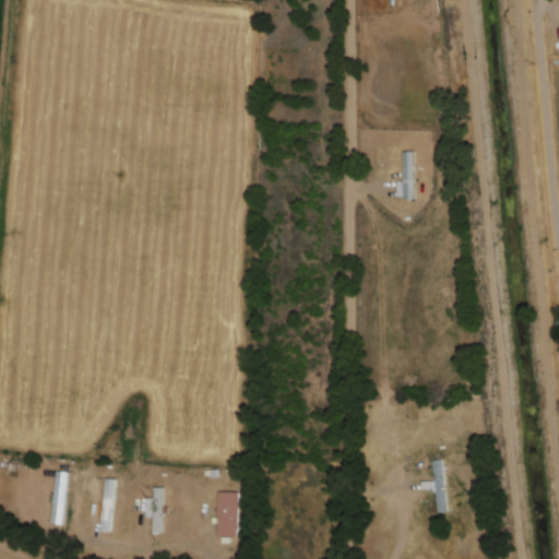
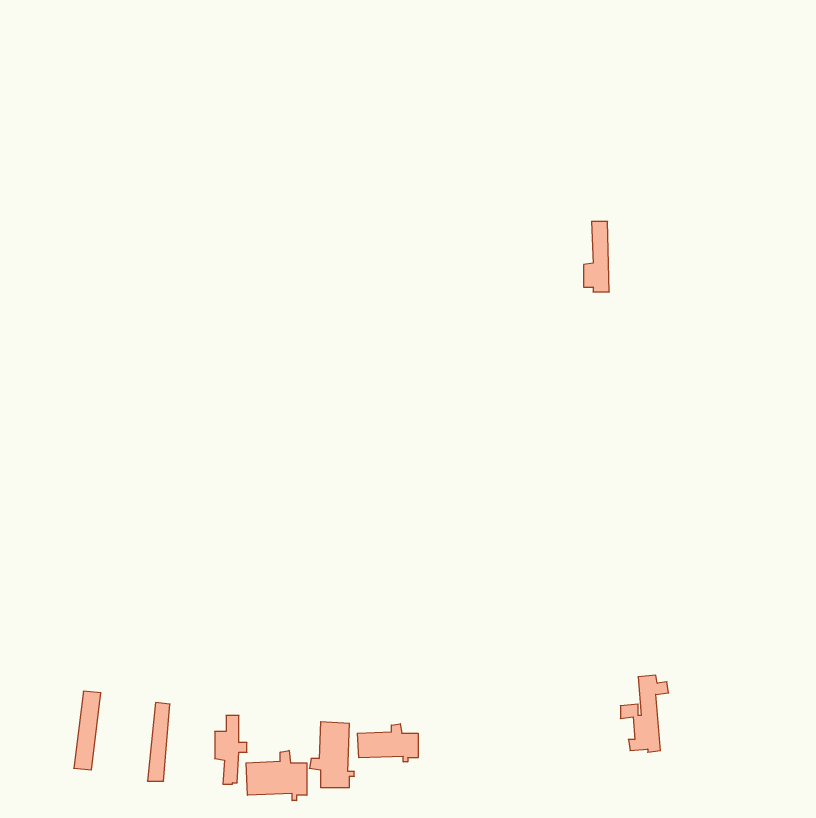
building: none -> [357,724,418,762]
building: none -> [246,750,307,801]

